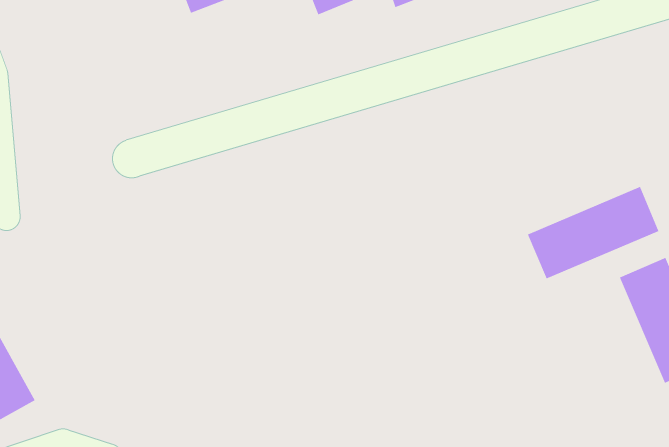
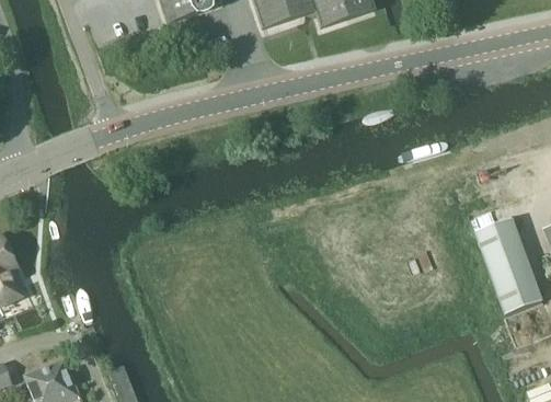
building: [527,186,660,280] -> none

